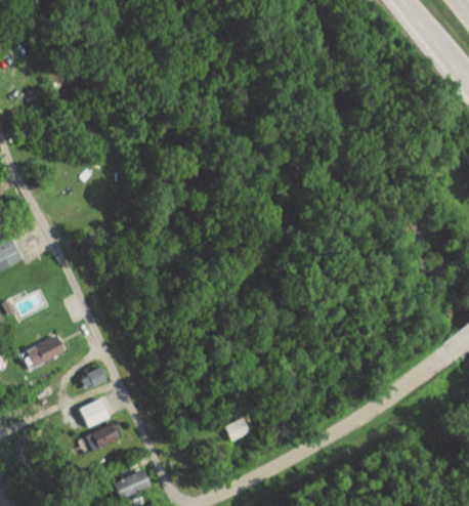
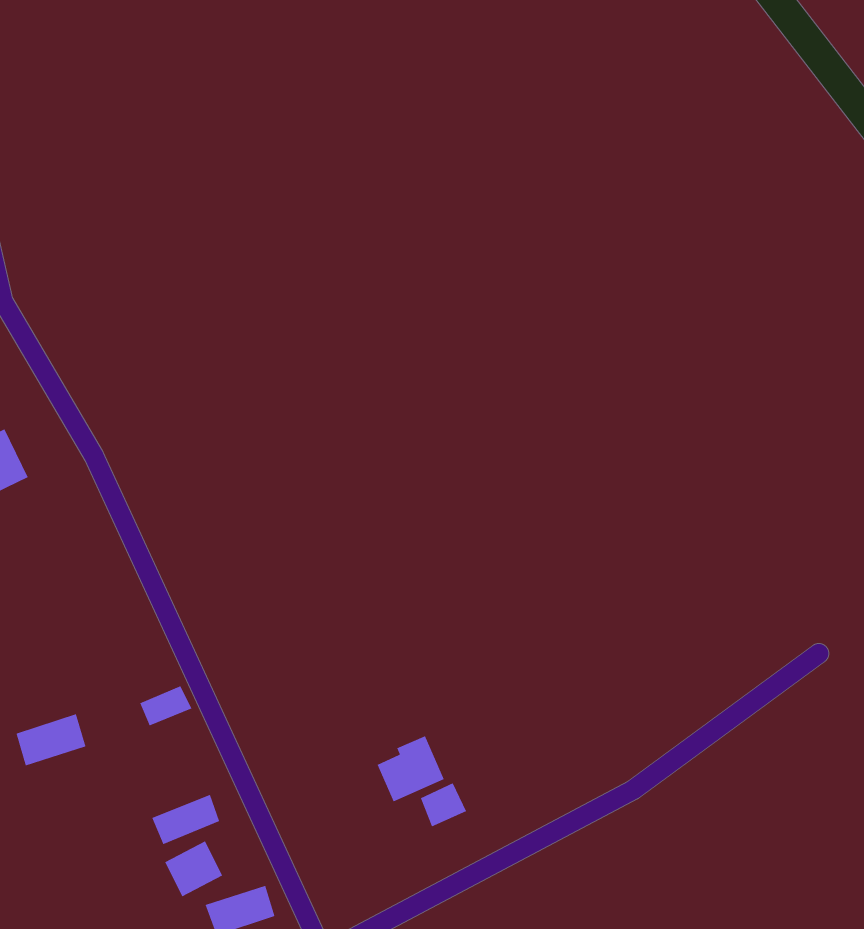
building: [28,336,65,364] -> [15,713,87,767]
building: none -> [376,735,445,802]
building: [79,397,110,427] -> [164,840,223,897]

